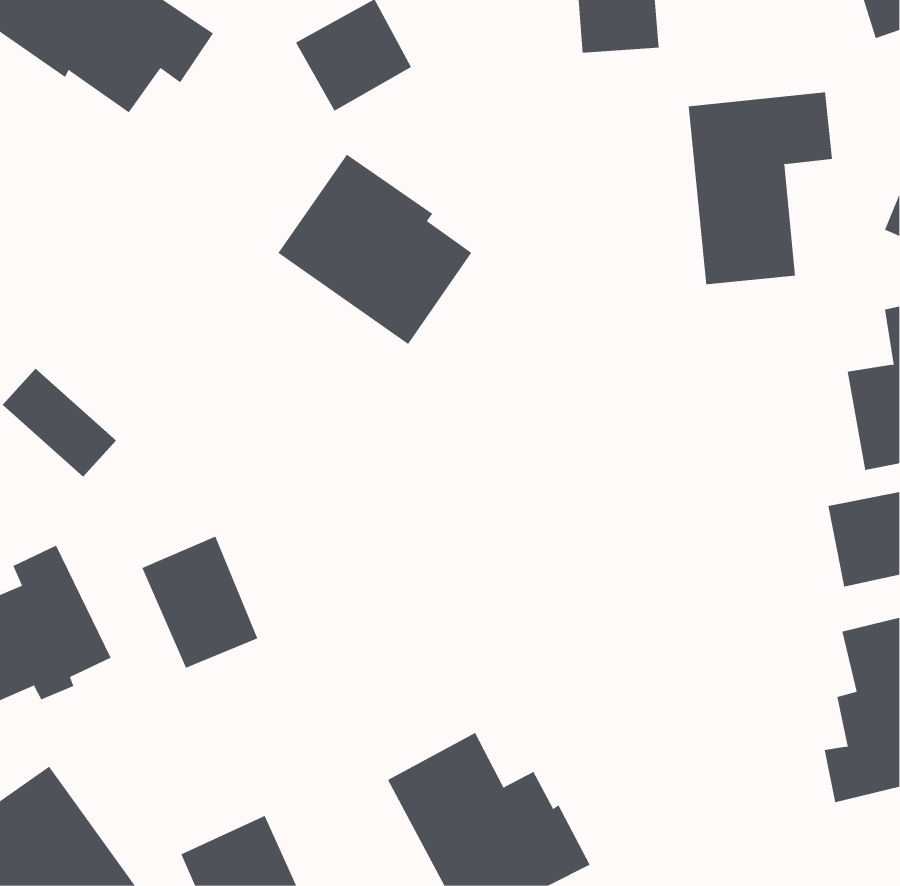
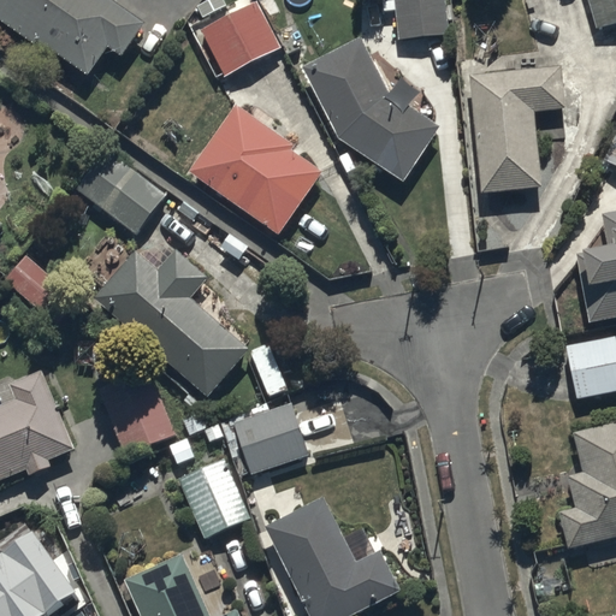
building: none -> [302,37,440,184]
building: none -> [77,149,165,232]
building: none -> [93,249,250,398]
building: none -> [232,401,309,472]
building: none -> [178,456,250,538]

